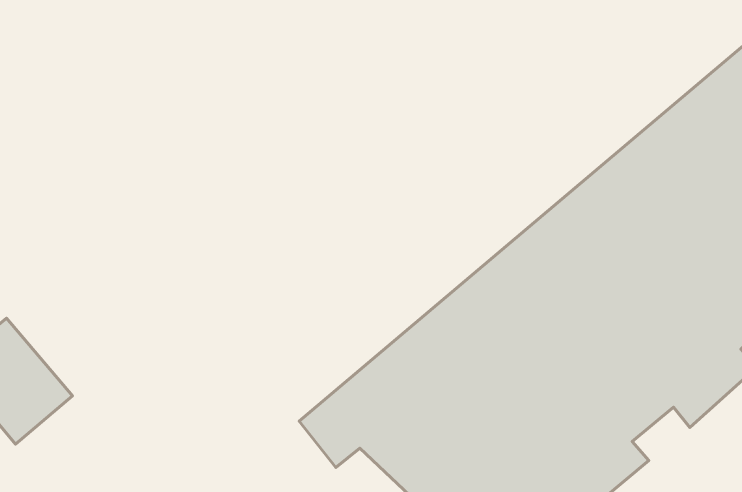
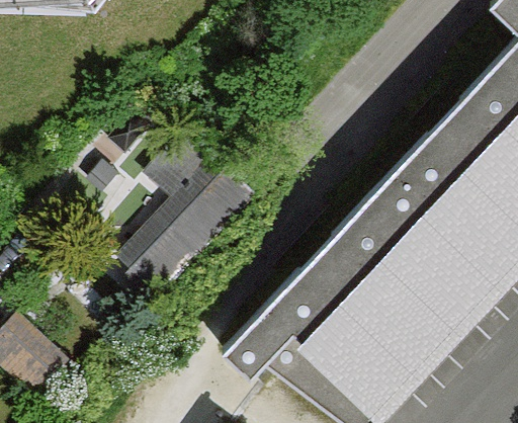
building: none -> [117,131,261,308]

